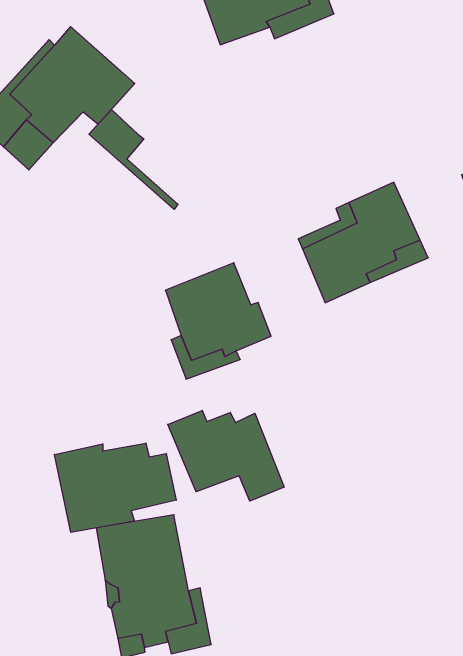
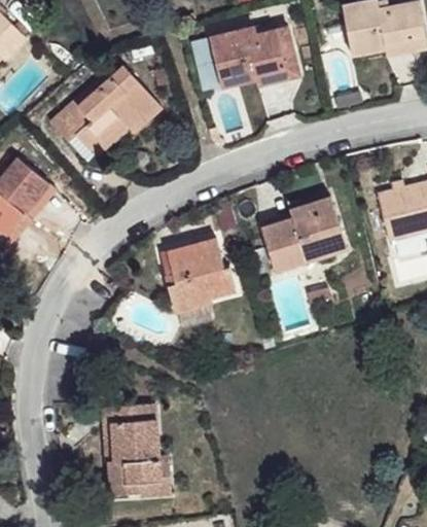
building: [89,109,178,209] -> none
building: [168,410,284,501] -> none
building: [54,443,176,532] -> none

